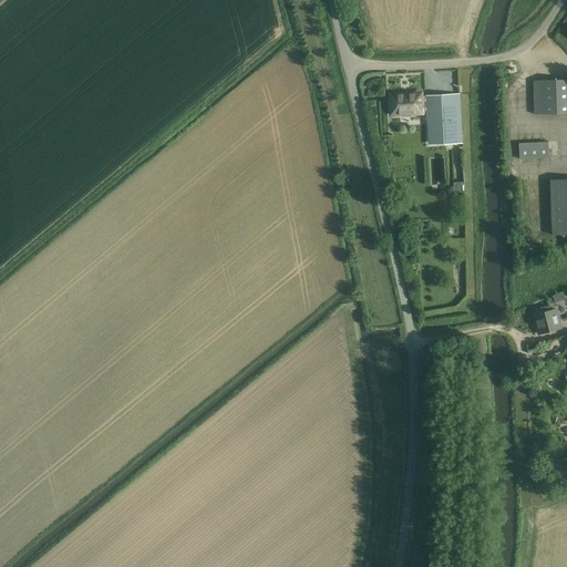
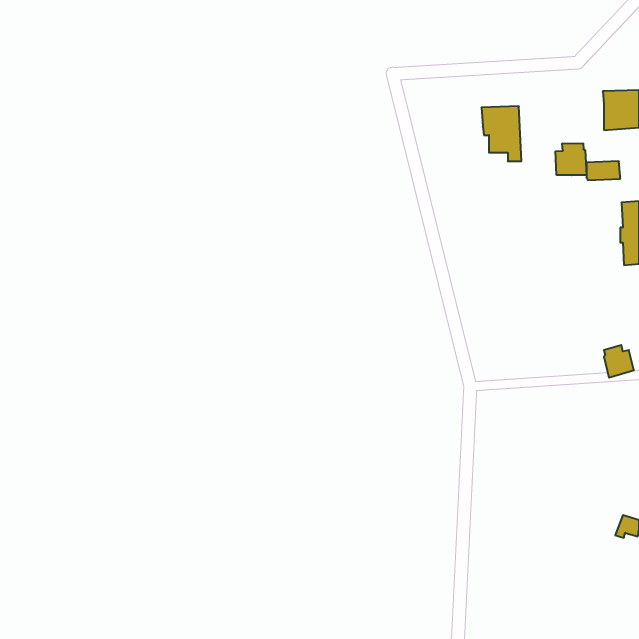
building: [390,94,427,117] -> none
building: none -> [556,143,586,175]

